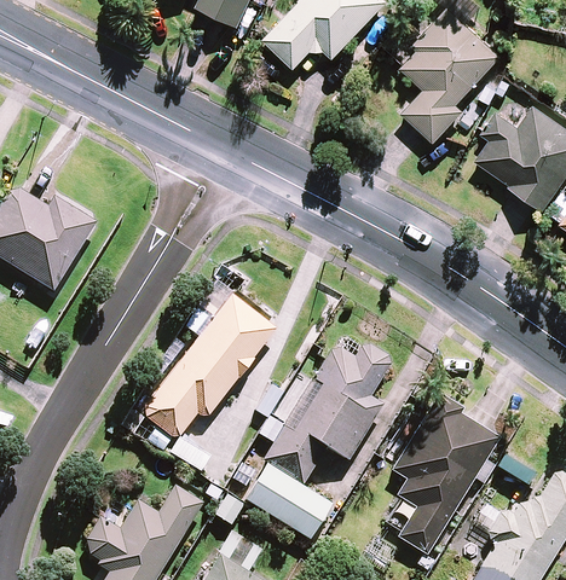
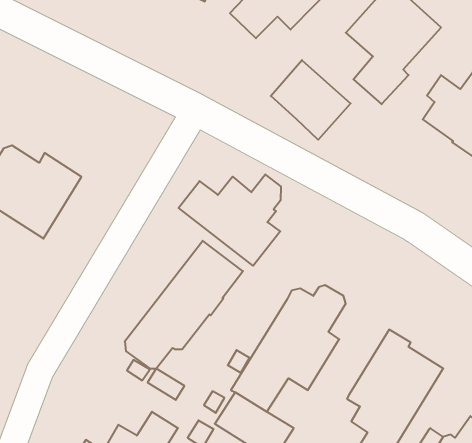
building: none -> [271,60,351,140]
building: none -> [179,174,281,266]

